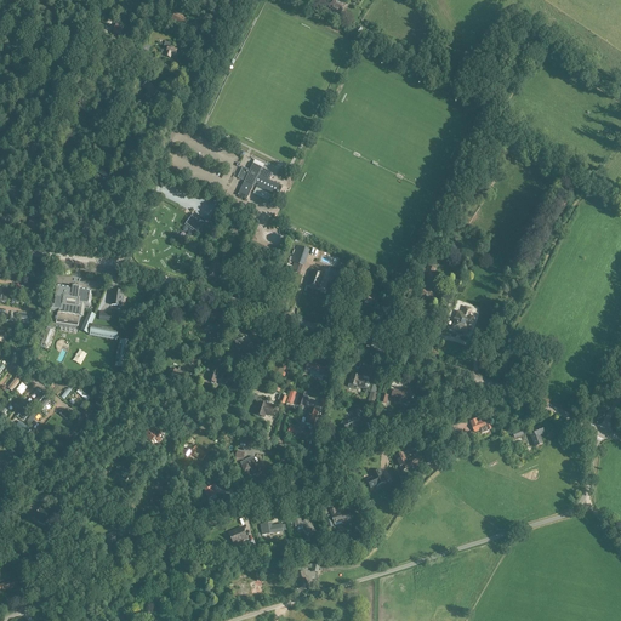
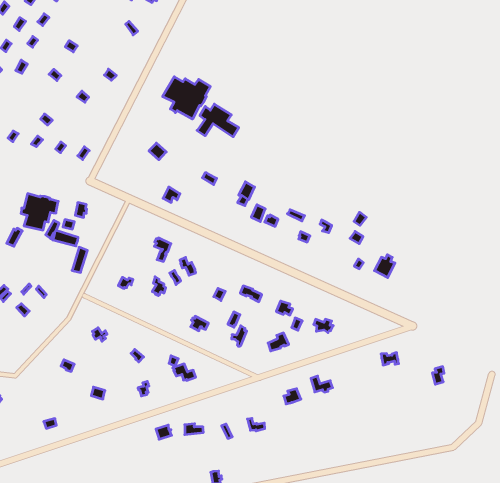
building: none -> [163,77,210,119]

